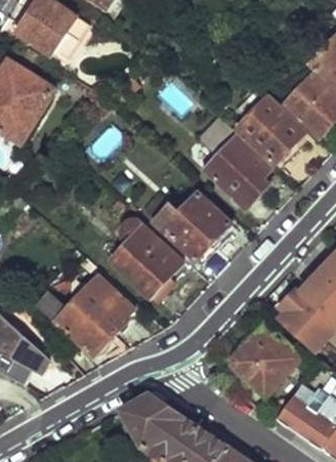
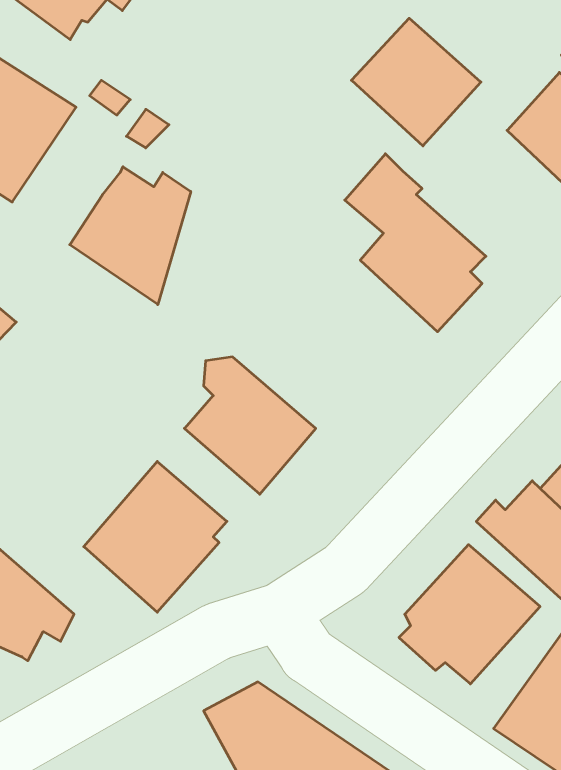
building: [237,97,305,165] -> [351,18,481,146]
building: none -> [70,167,191,305]
building: [164,192,230,263] -> none

